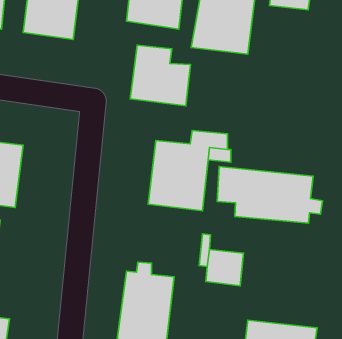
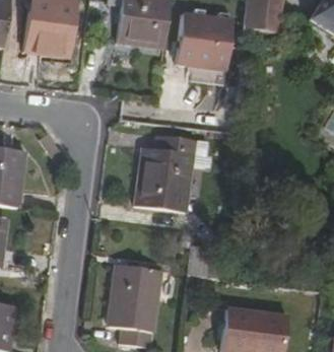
building: [130,45,191,106] -> none
building: [217,166,323,223] -> none

